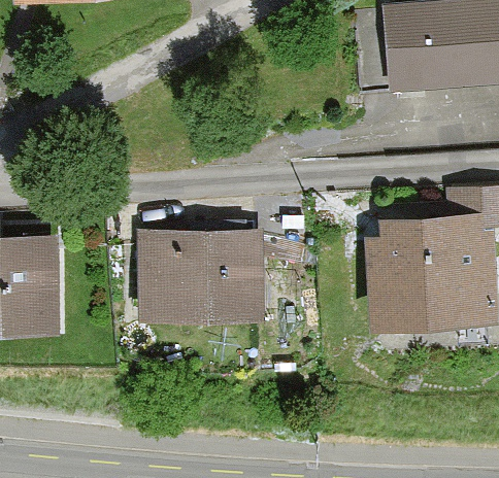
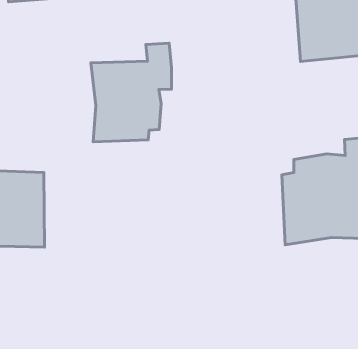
building: none -> [91,43,171,142]
building: [137,229,267,321] -> none

